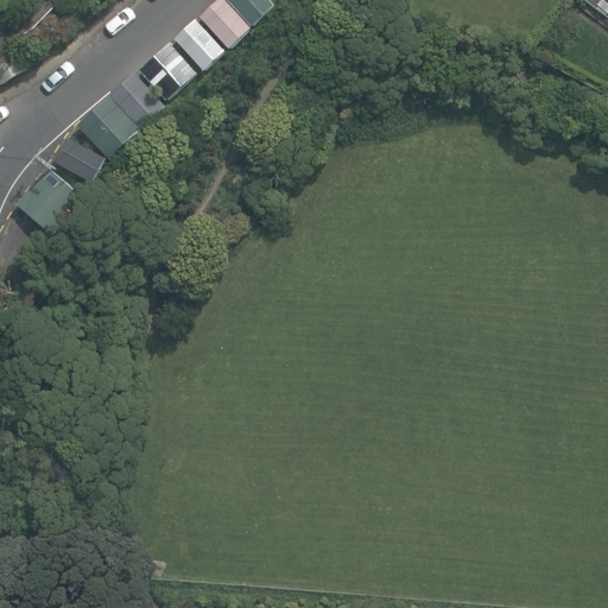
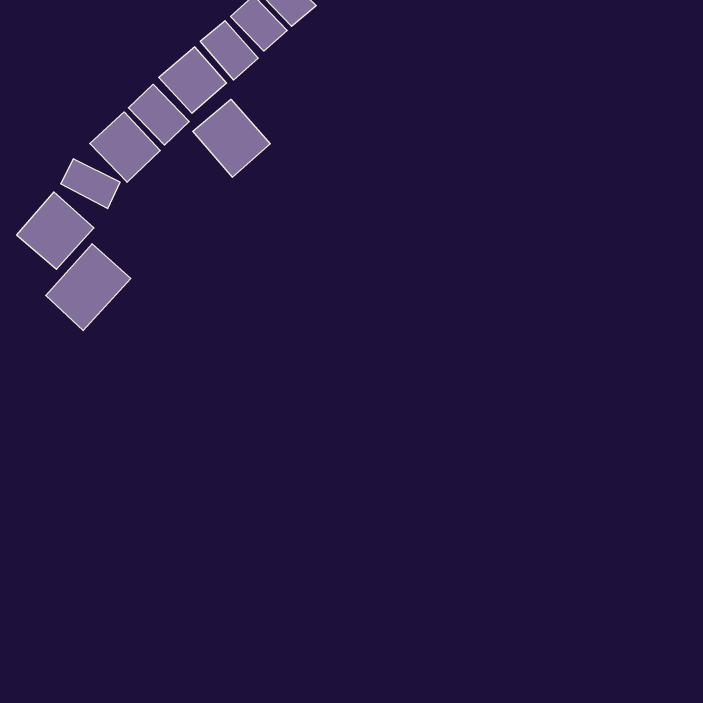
building: none -> [193,99,270,177]
building: none -> [46,244,131,331]

